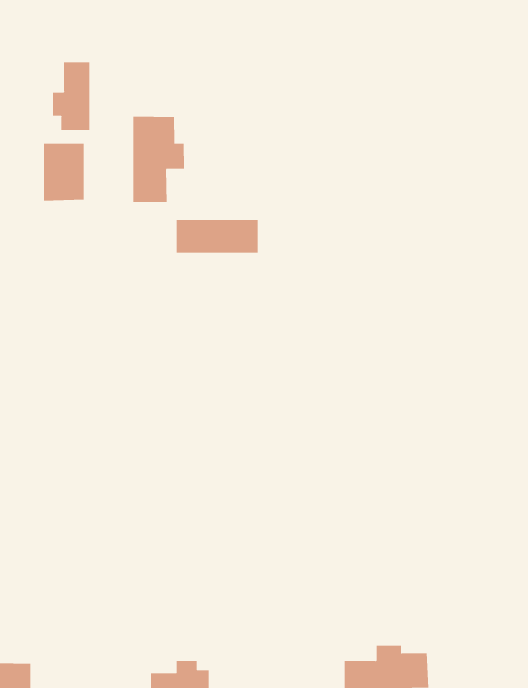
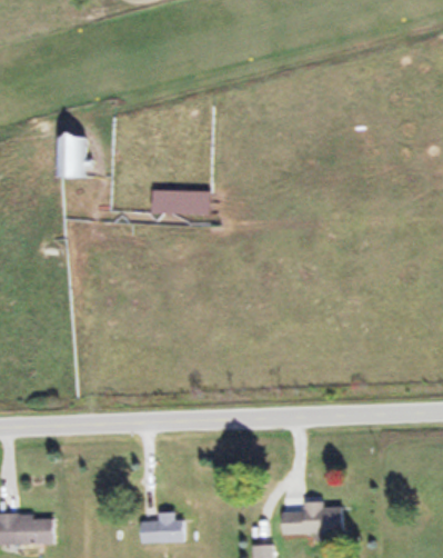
building: [53,62,90,131] -> none
building: [133,116,185,203] -> none

